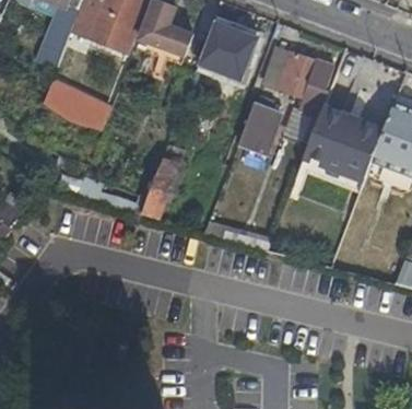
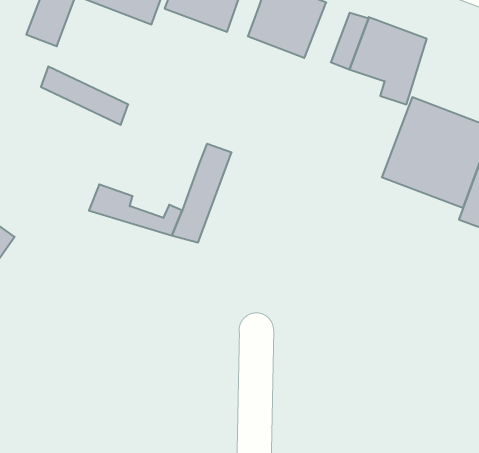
building: [239,91,282,150] -> none

